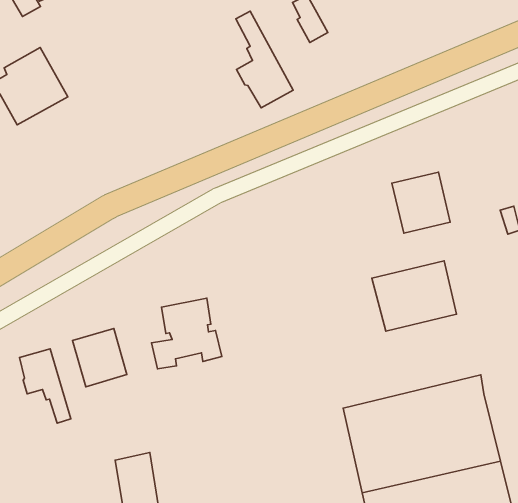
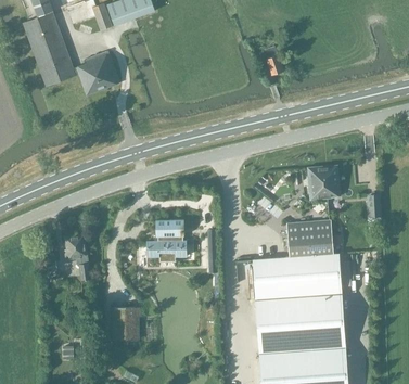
building: [236,11,293,108] -> none
building: none -> [252,253,342,299]
building: [72,328,127,387] -> none

